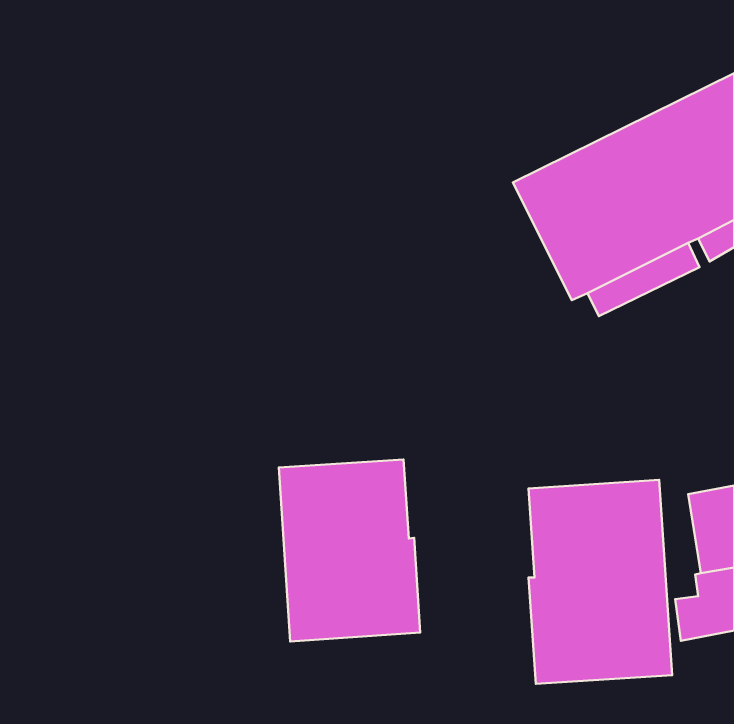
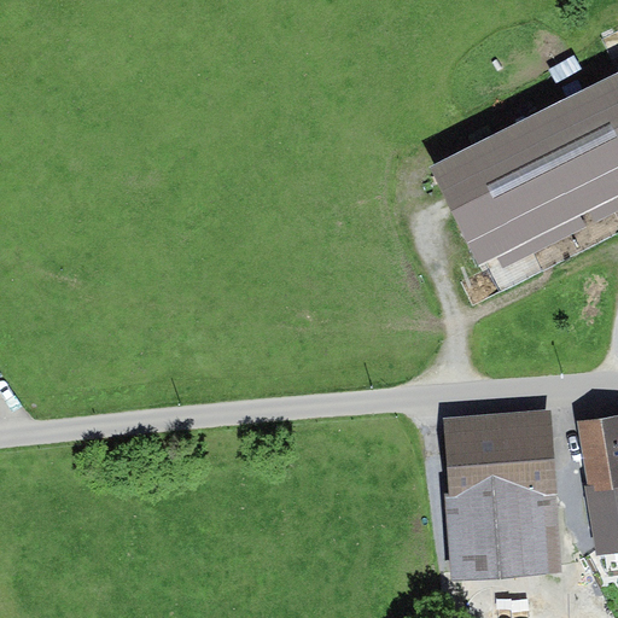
building: [279,459,420,642] -> none

